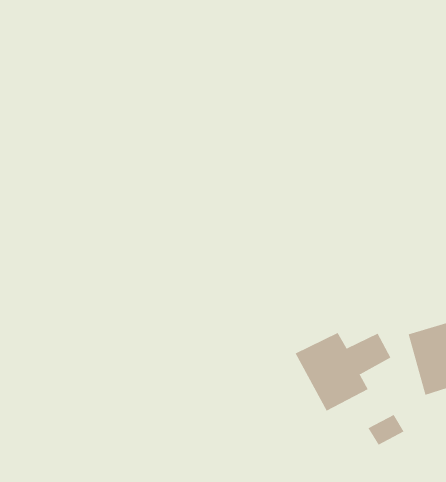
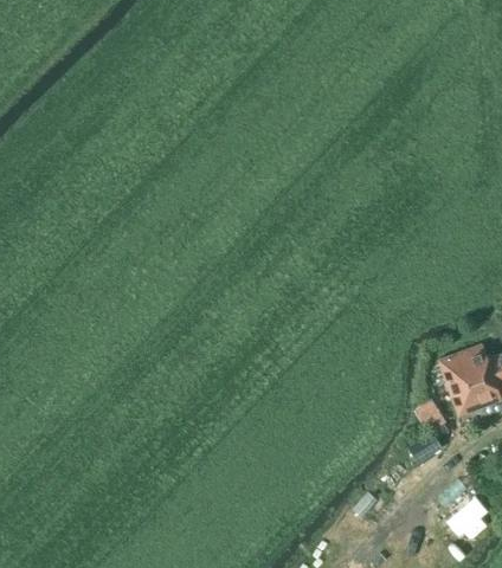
building: [295,332,391,412] -> none

